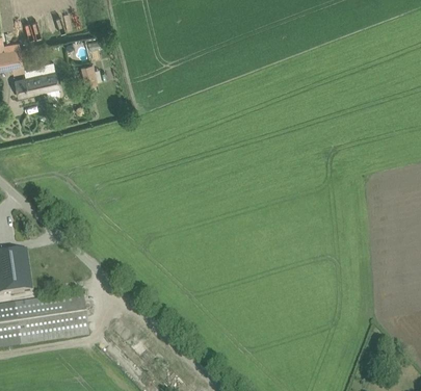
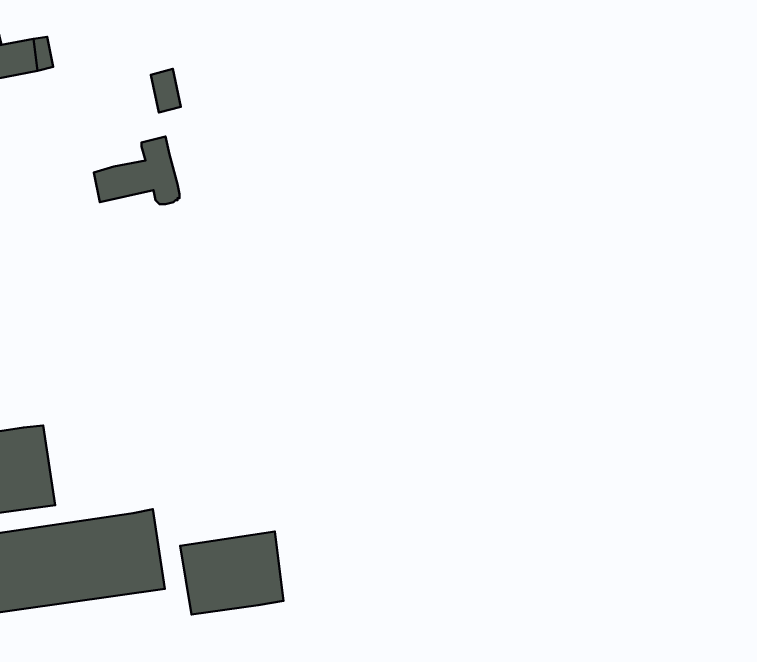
building: [15,60,59,96] -> [94,137,180,204]
building: none -> [180,532,284,614]

